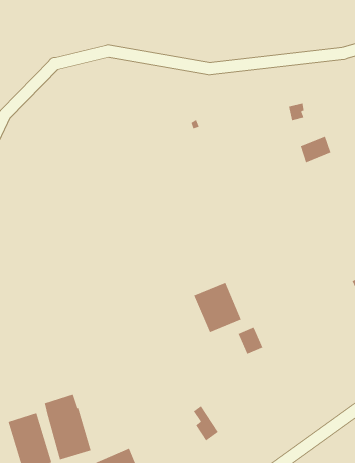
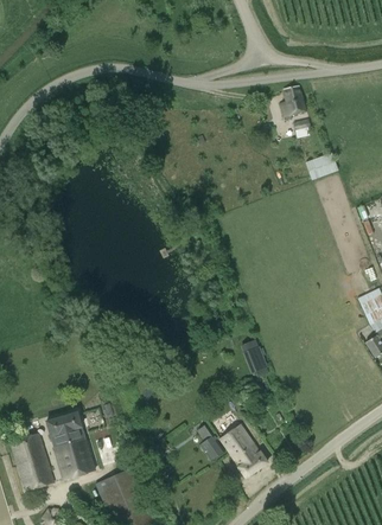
building: none -> [279,83,306,120]
building: [193,282,242,333] -> none
building: none -> [218,423,266,476]

